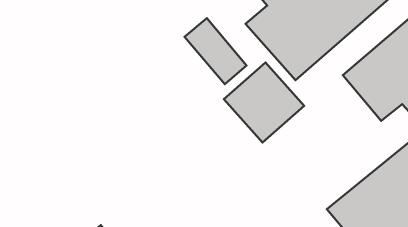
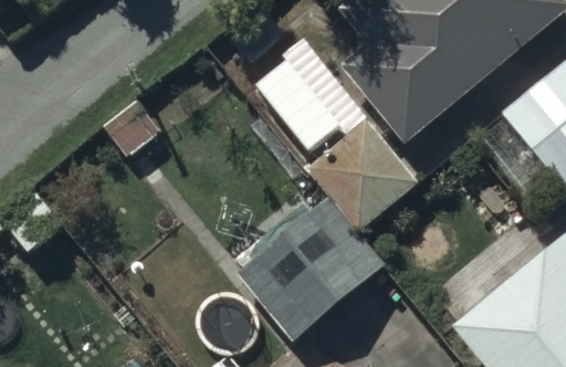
building: none -> [237,196,385,340]

